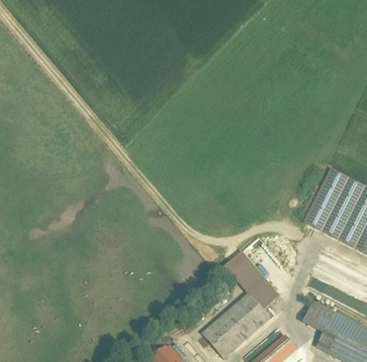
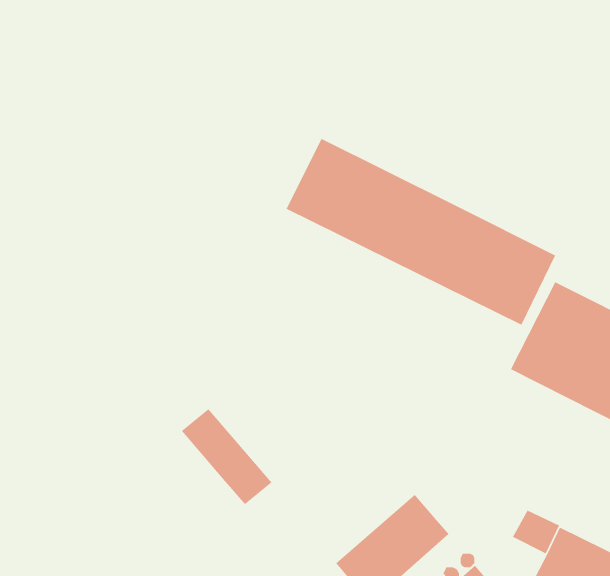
building: none -> [286,138,556,326]
building: [224,251,277,308] -> [181,408,272,505]

